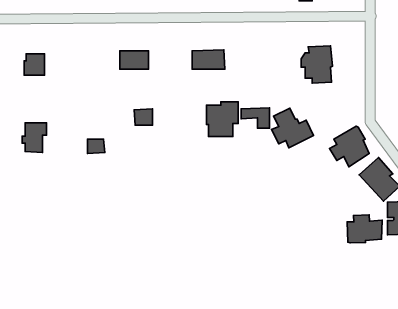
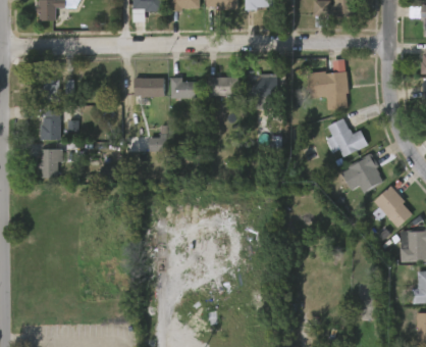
building: none -> [173,77,203,97]
building: none -> [40,111,59,141]
building: [206,102,238,137] -> [248,73,279,108]
building: [272,108,313,148] -> [327,117,369,157]
building: [347,215,382,243] -> none

